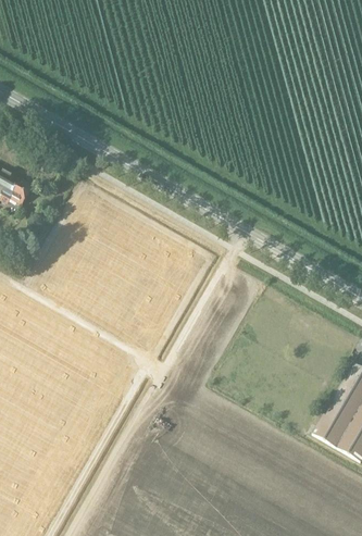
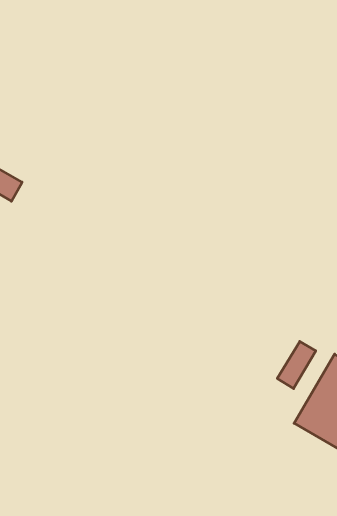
building: none -> [277,341,316,389]

